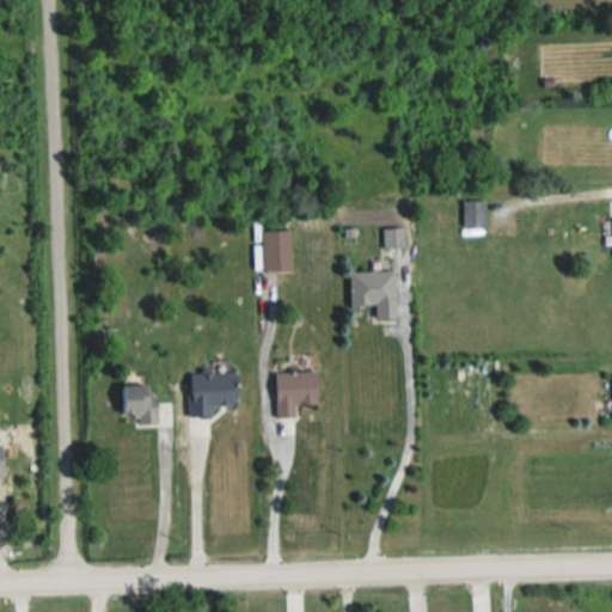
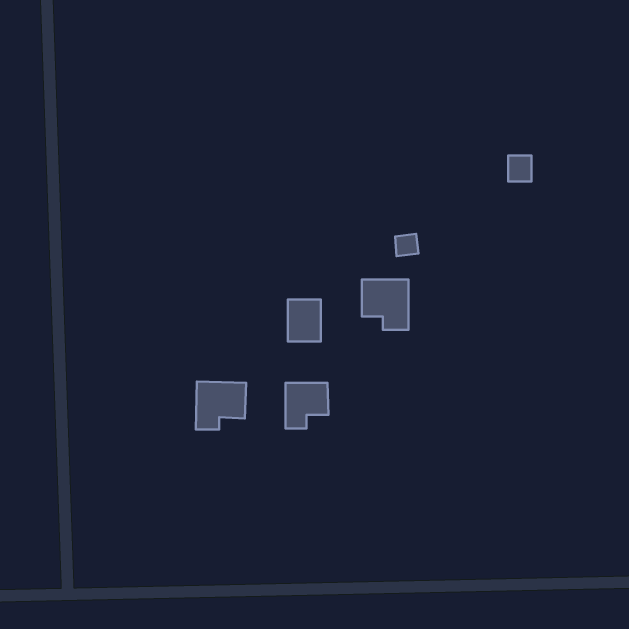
building: [464,200,486,225] -> [508,156,532,181]
building: [262,231,294,271] -> [288,300,321,341]
building: [123,386,157,424] -> none

